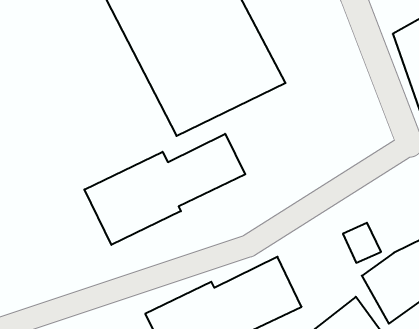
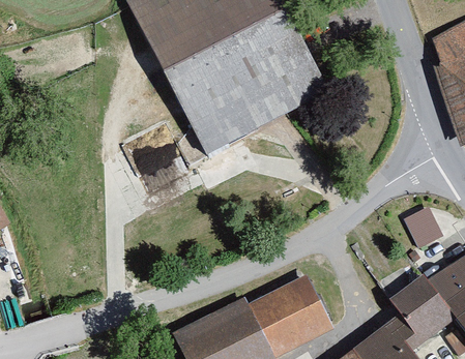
building: [84,134,245,245] -> none
building: [343,223,381,263] -> [404,207,443,248]

